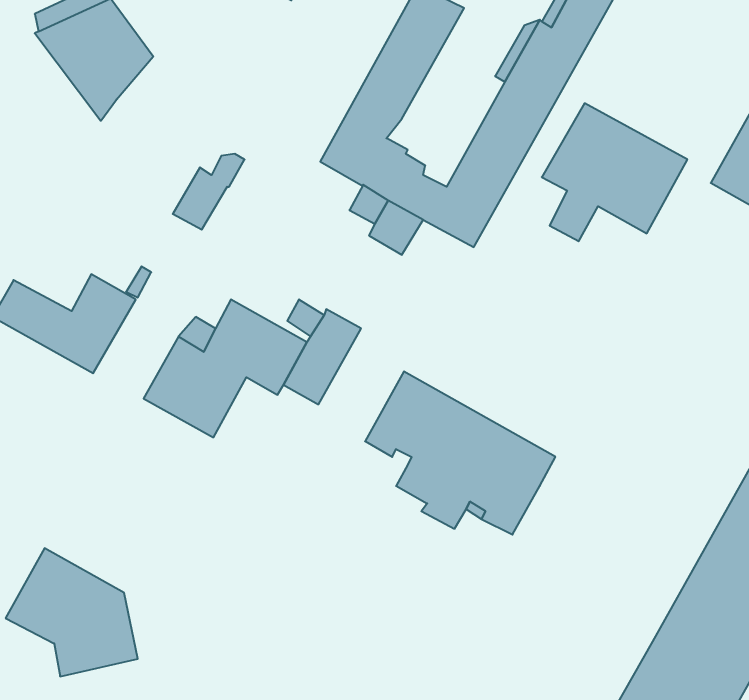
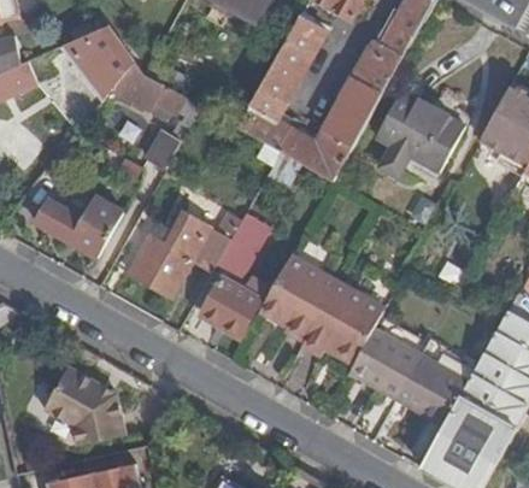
building: none -> [111,61,201,119]
building: none -> [200,278,268,337]
building: none -> [349,328,476,424]

